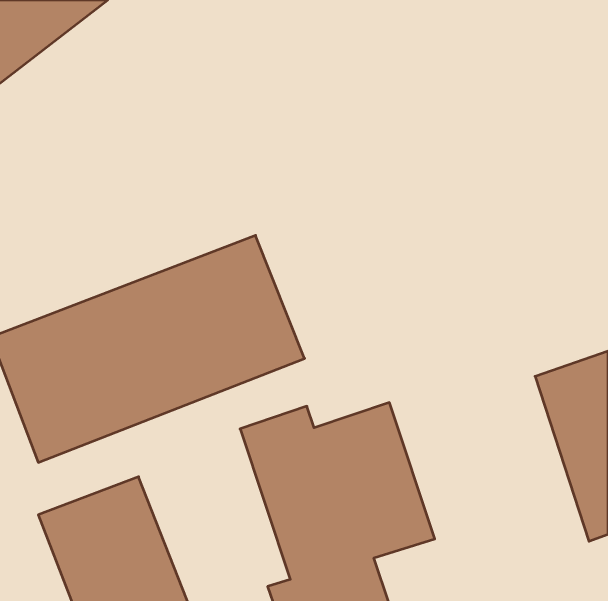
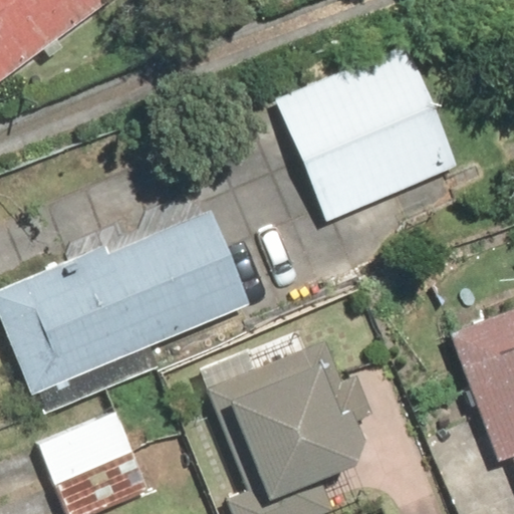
building: none -> [281,49,461,223]

